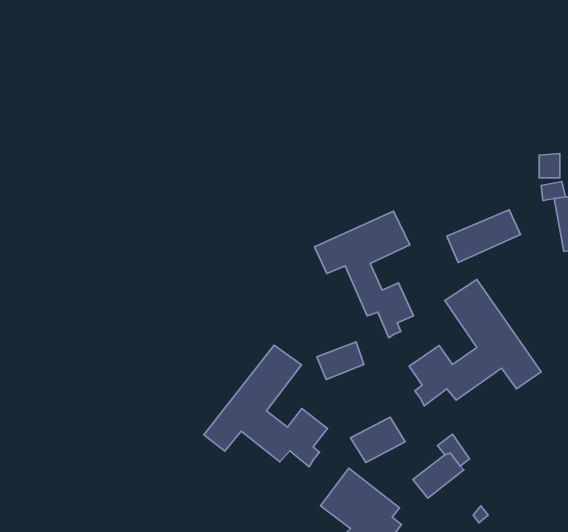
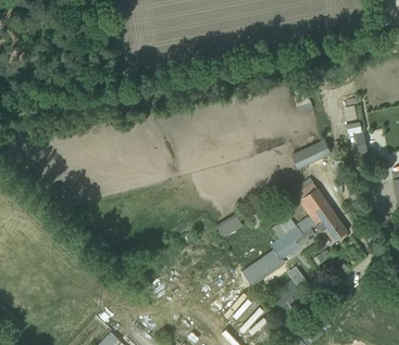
building: [315,211,413,338] -> none
building: [204,345,328,467] -> none

